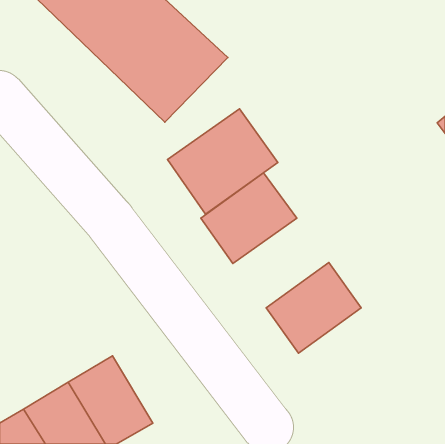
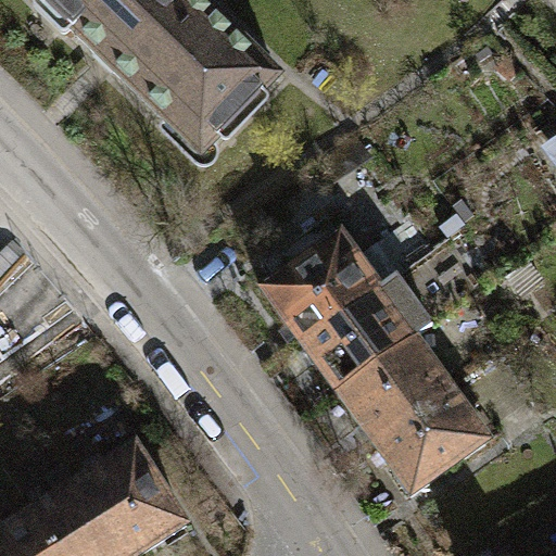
building: [167,109,278,214] -> none
building: none -> [290,271,409,383]
building: none -> [371,383,490,495]

